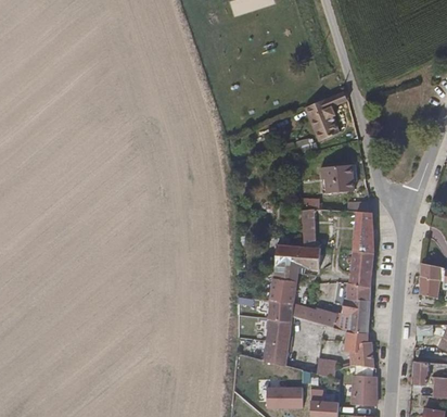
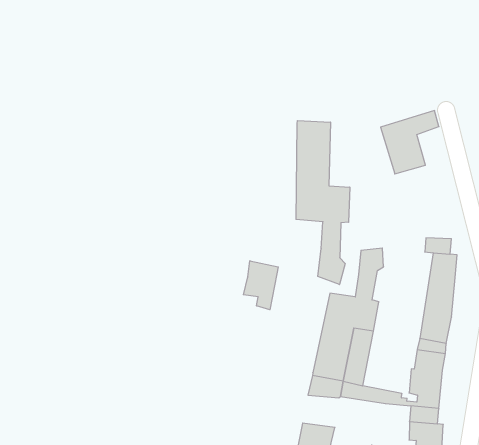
building: none -> [296,121,350,285]
building: [324,157,353,186] -> none
building: none -> [243,261,278,310]
building: [265,323,291,345] -> none

